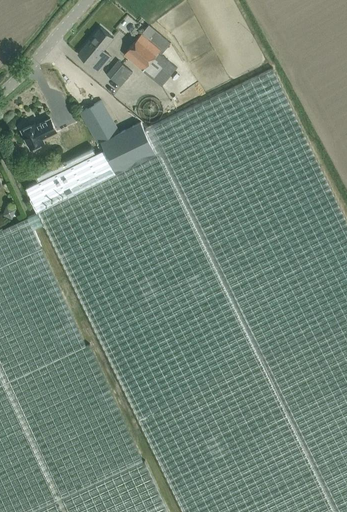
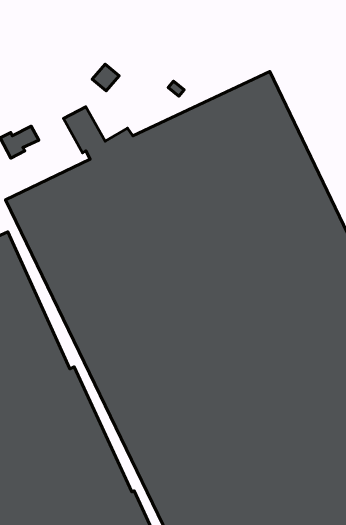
building: [124,25,177,86] -> none
building: [78,27,113,72] -> none

